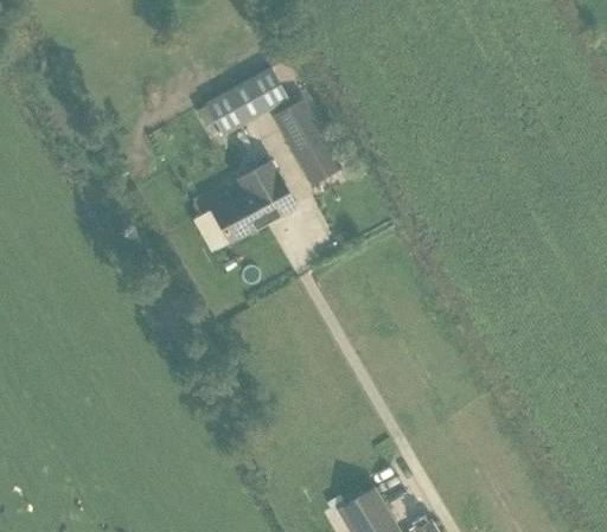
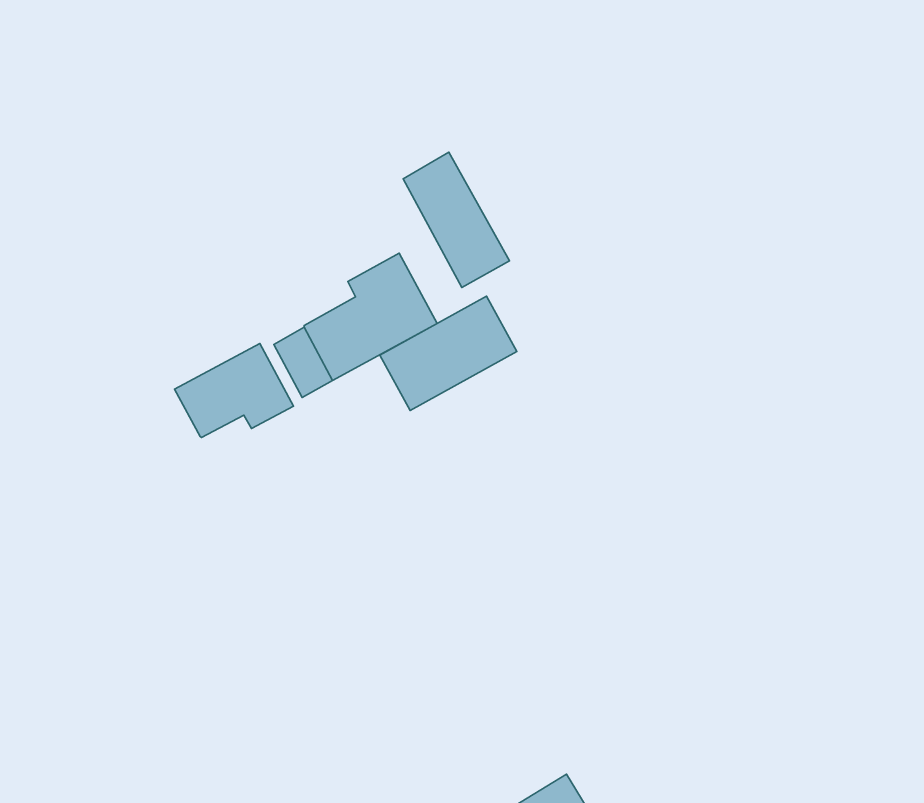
building: [210,59,295,130] -> [380,296,517,410]
building: none -> [174,343,294,437]

